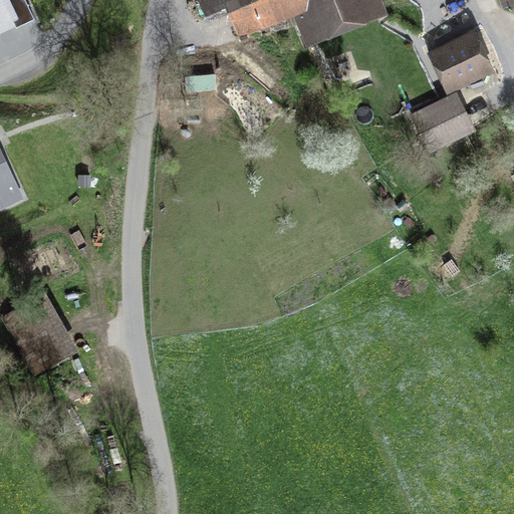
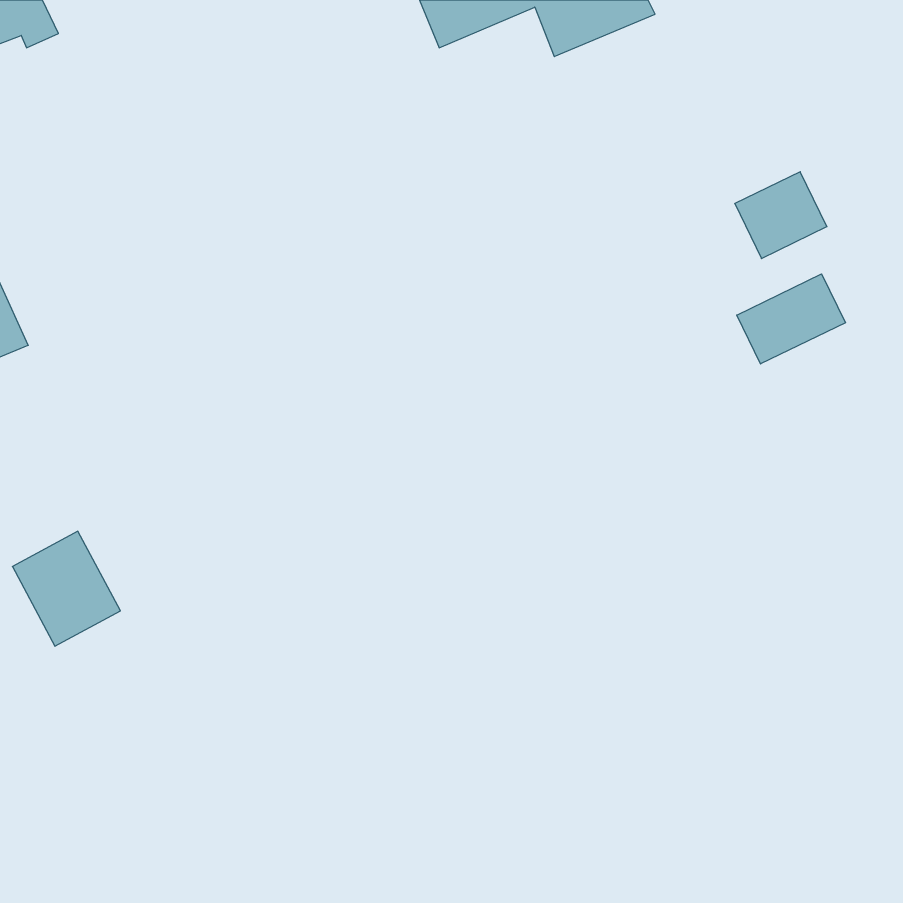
building: [428,27,497,94] -> none
building: none -> [737,274,845,364]

